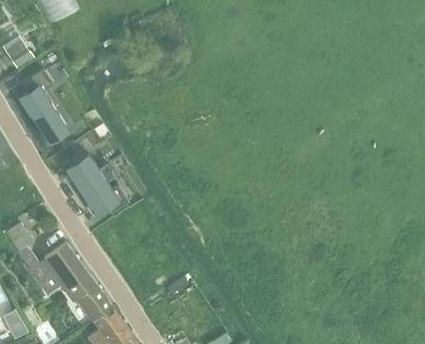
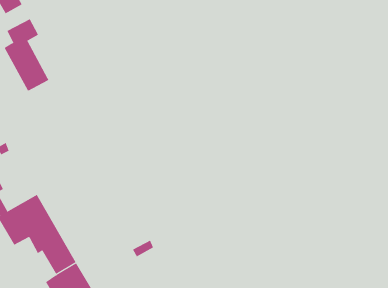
building: [64,153,129,215] -> none

